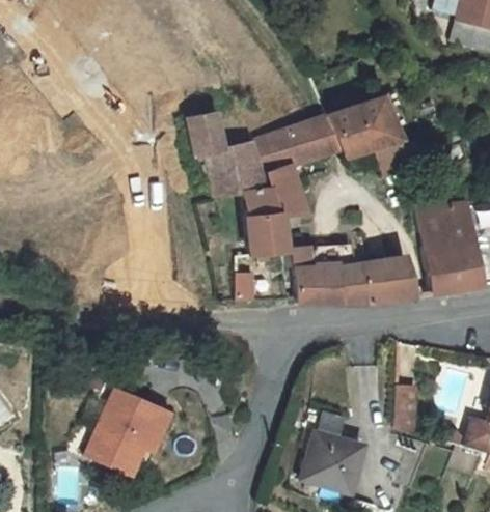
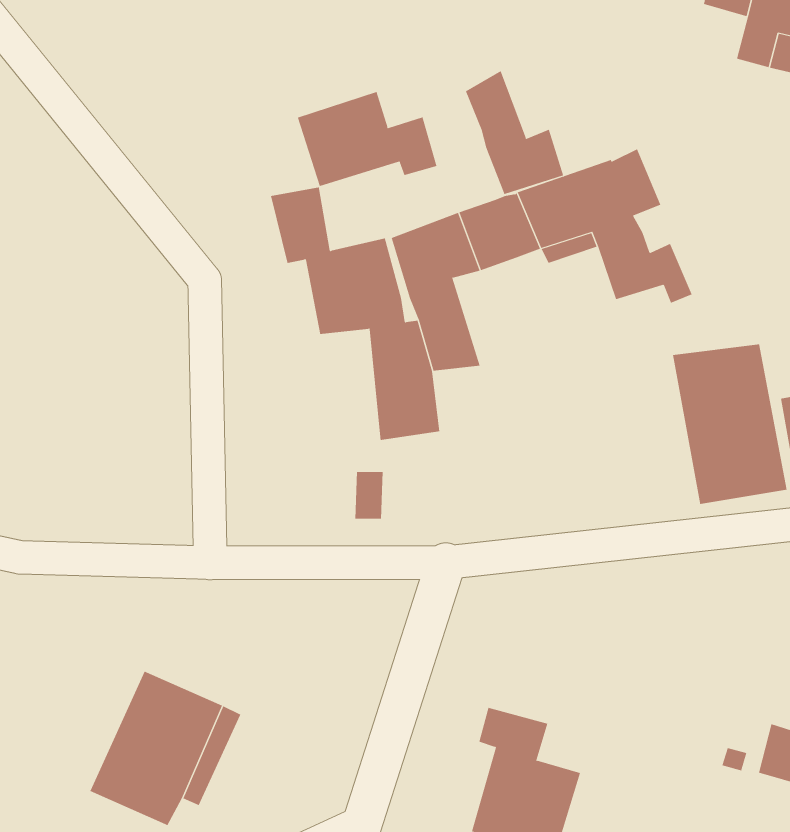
building: none -> [465,70,564,195]
building: none -> [297,91,437,187]
building: [293,246,413,303] -> none
building: [396,385,418,432] -> none

